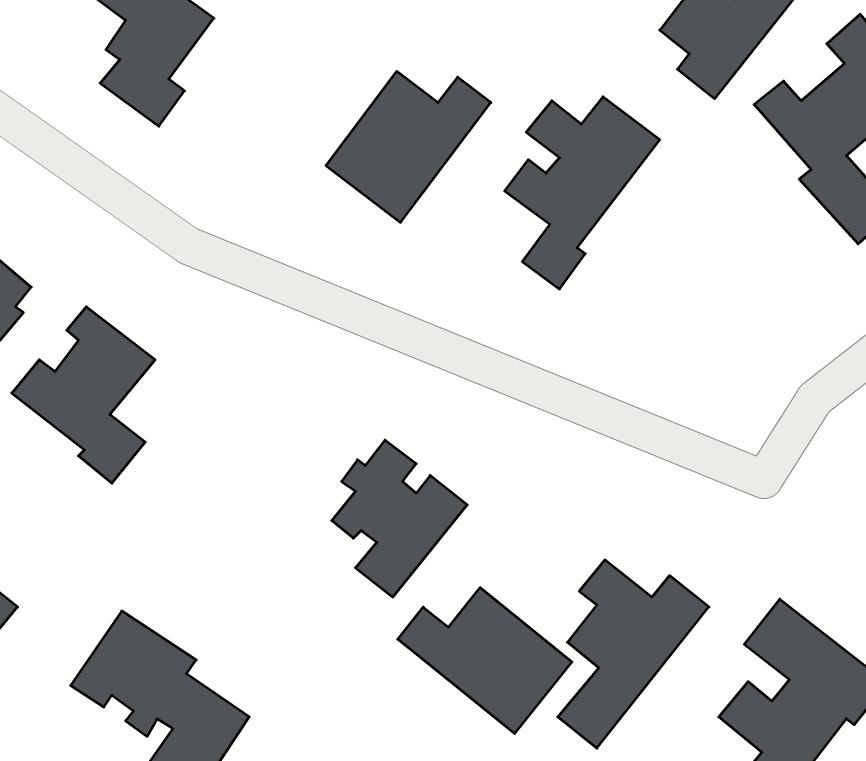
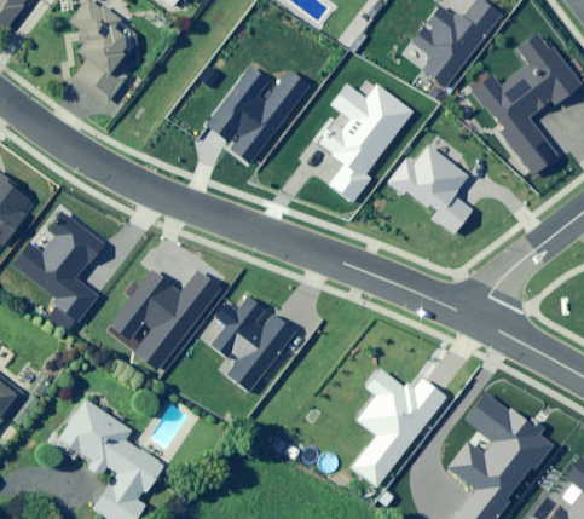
building: none -> [389,145,473,233]
building: none -> [112,271,221,369]
building: [398,588,572,734] -> none

